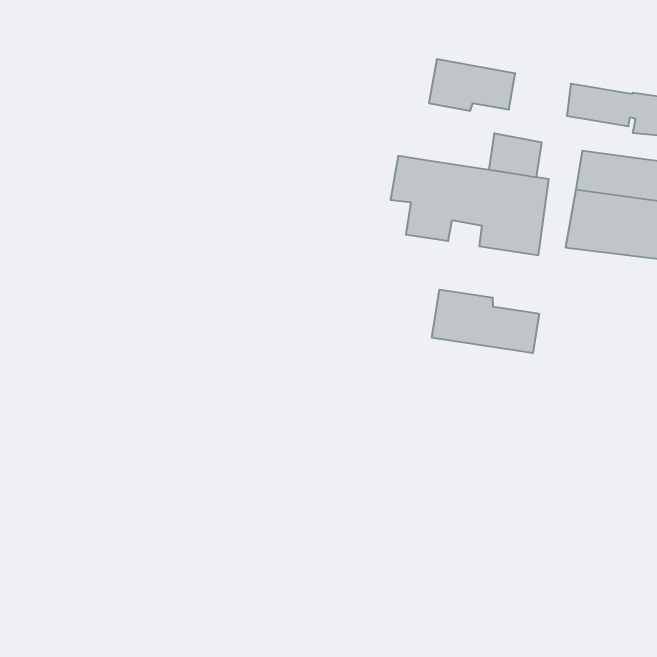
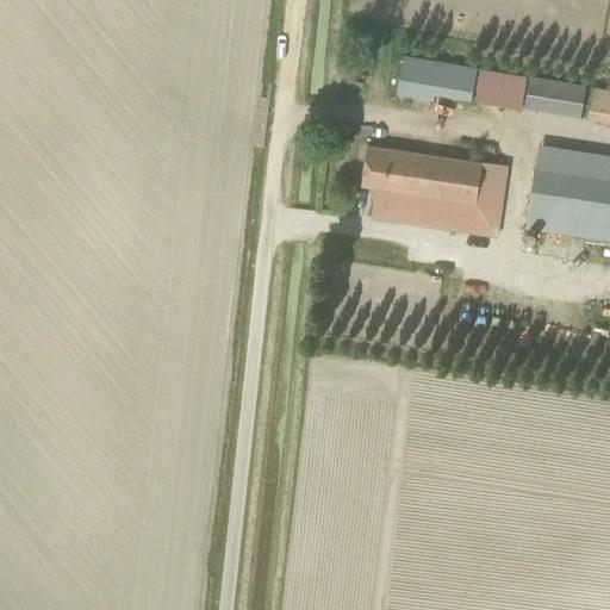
building: [489,133,542,177] -> [477,69,525,110]
building: [432,290,539,353] -> none

